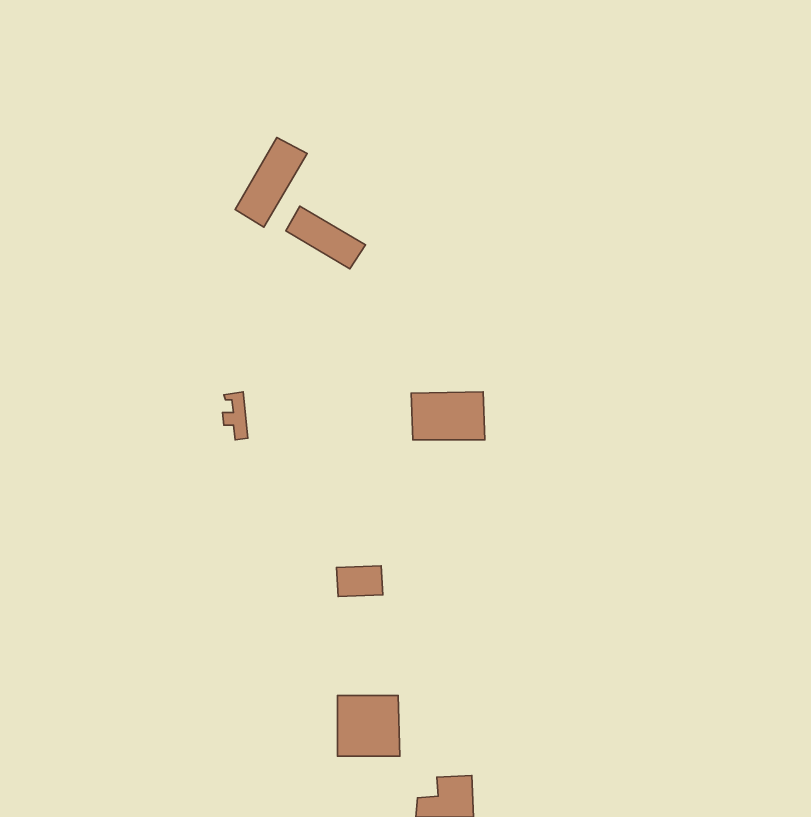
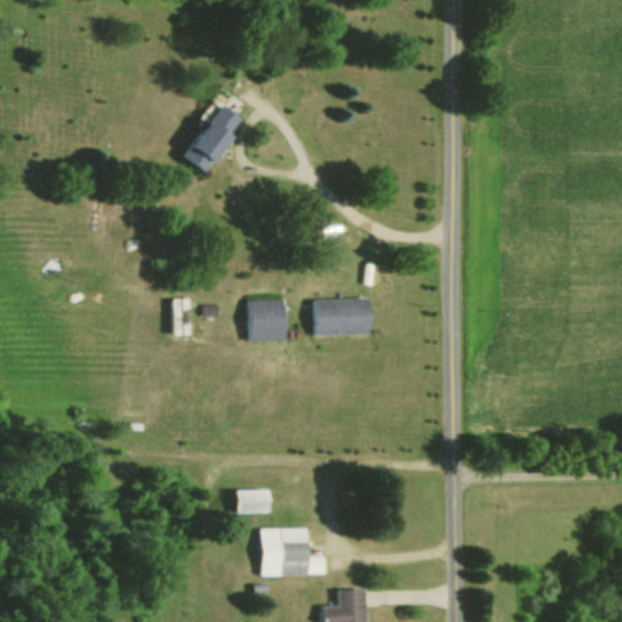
building: [286,206,365,269] -> none
building: none -> [250,299,287,341]
building: [336,566,383,596] -> [236,490,271,513]

